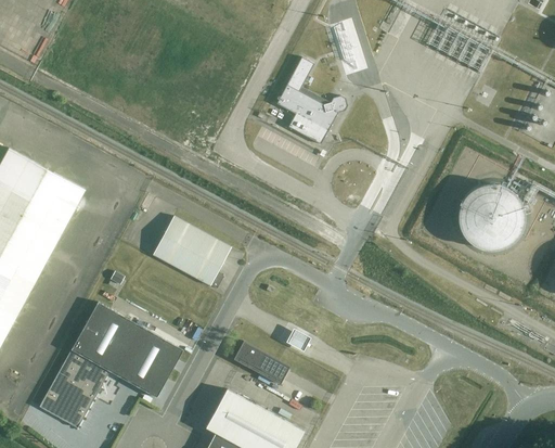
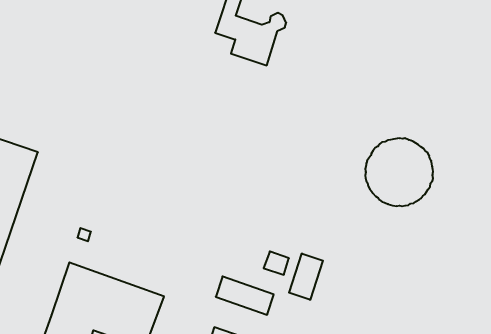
building: [457,183,524,249] -> [365,138,433,206]
building: [153,216,231,289] -> none
building: none -> [289,253,323,300]

